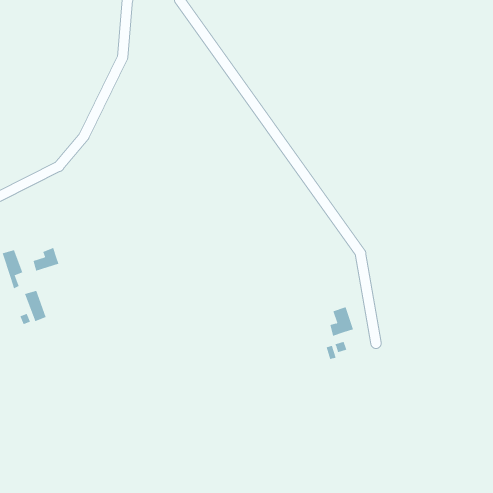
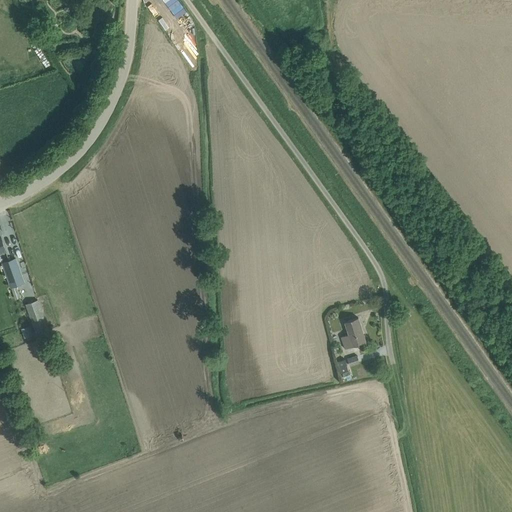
building: [33,247,59,272] -> none

